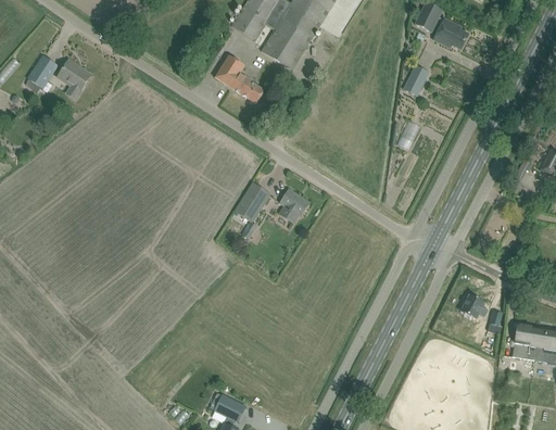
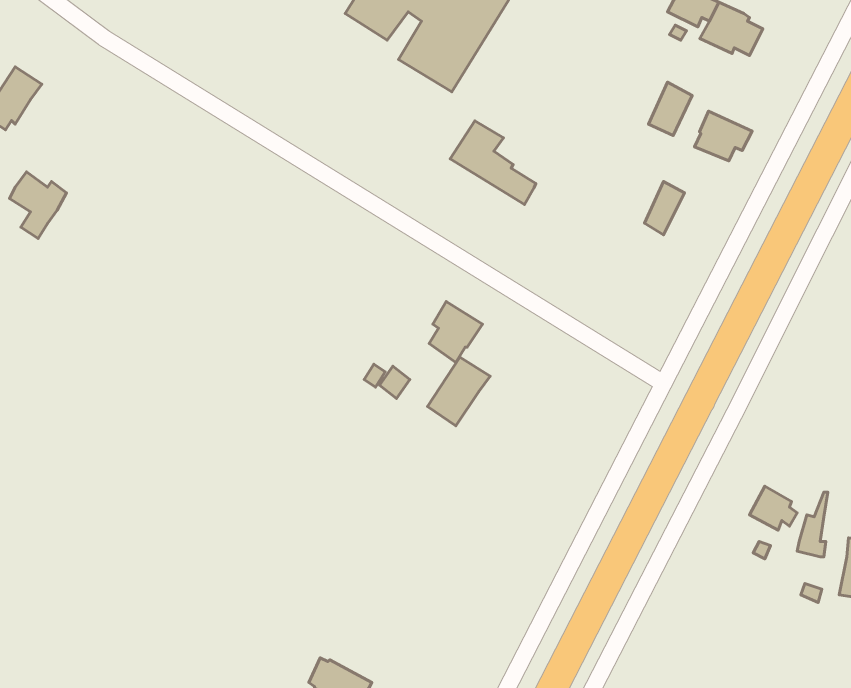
building: [214,55,263,103] -> [450,121,536,205]
building: [58,62,90,100] -> [9,172,67,239]
building: none -> [695,111,752,161]
building: [235,182,270,222] -> [427,357,490,426]

